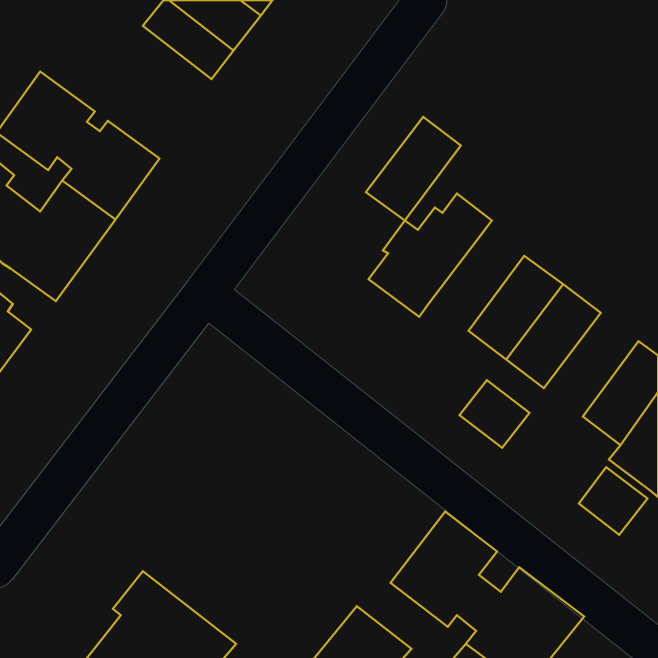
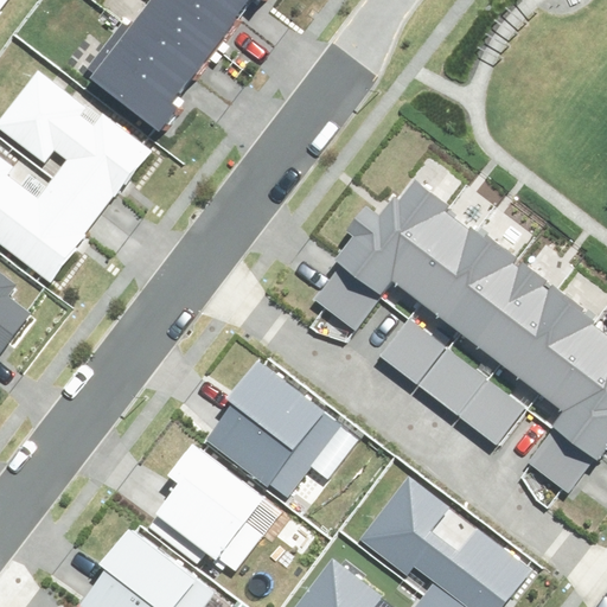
building: none -> [84,23,193,133]
building: [366,117,461,221] -> [392,212,479,307]
building: none -> [311,266,376,328]
building: none -> [497,290,583,385]
building: none -> [381,322,445,384]
building: none -> [210,362,344,498]
building: none -> [459,382,522,443]
building: none -> [149,446,267,569]

